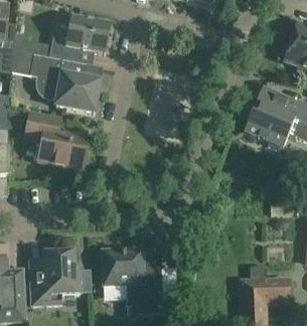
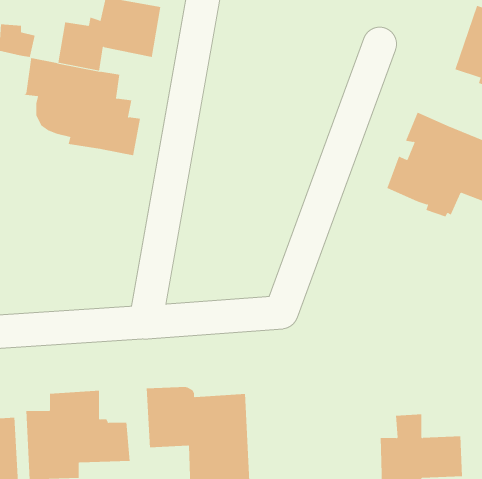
building: [24,111,90,168] -> none

